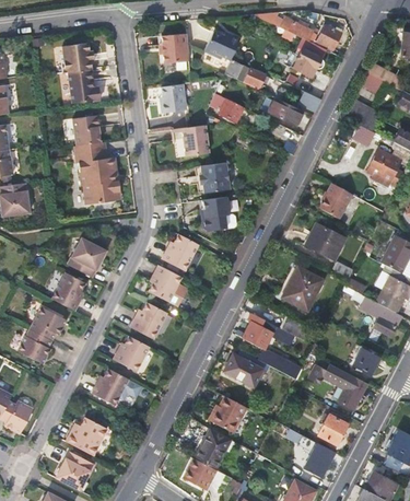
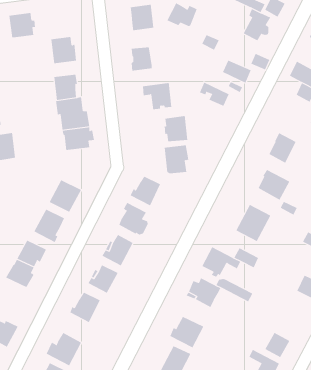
building: [63,45,95,74] -> [9,13,36,38]
building: [209,94,244,123] -> [199,82,229,106]
building: [308,363,366,410] -> none

